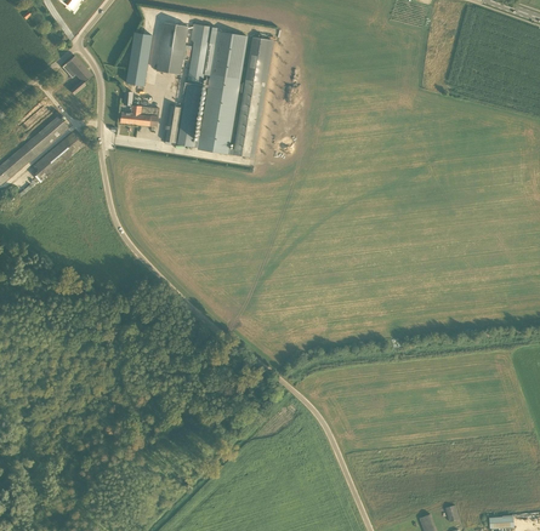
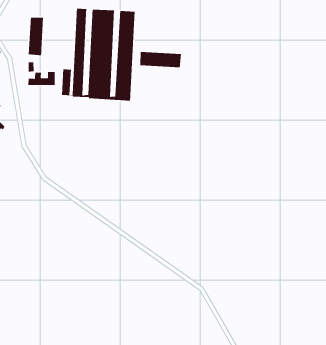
building: [154,22,186,74] -> none
building: none -> [139,51,182,68]

